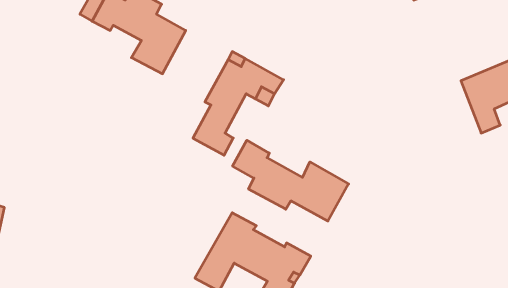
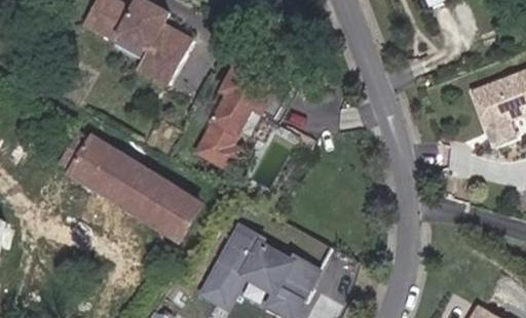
building: none -> [62,134,202,240]
building: [233,140,349,221] -> none

